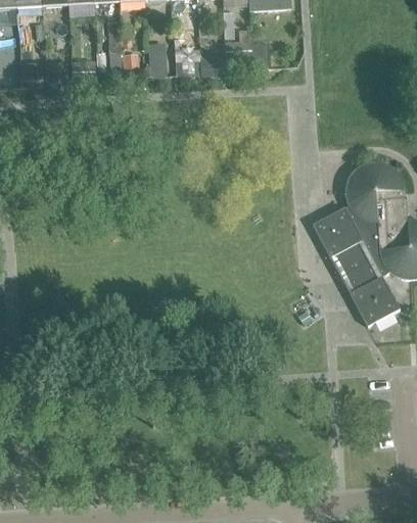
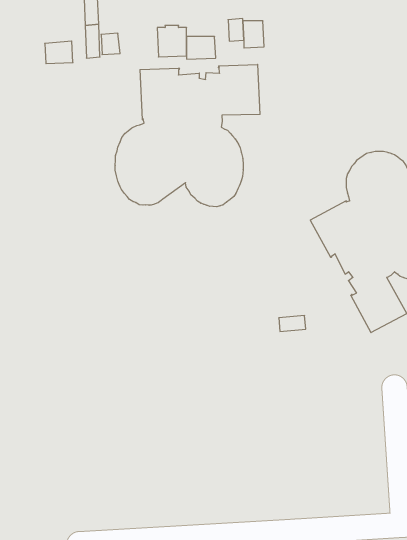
building: [147,43,166,77] -> none
building: none -> [115,64,260,207]

